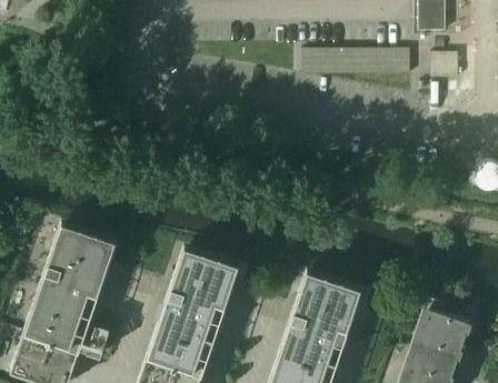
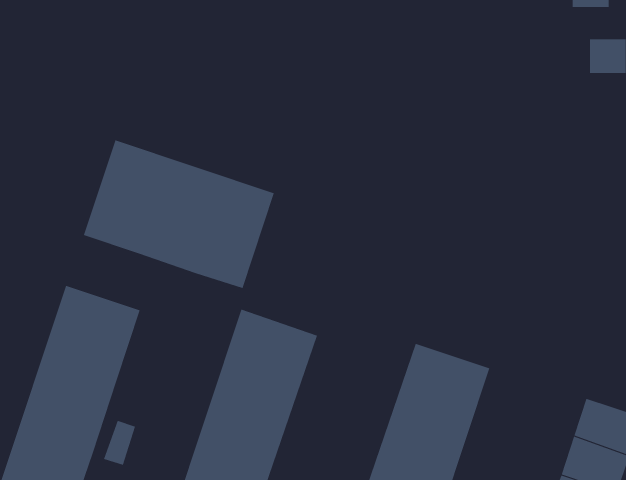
building: [301,47,409,75] -> none
building: none -> [83,140,275,289]

